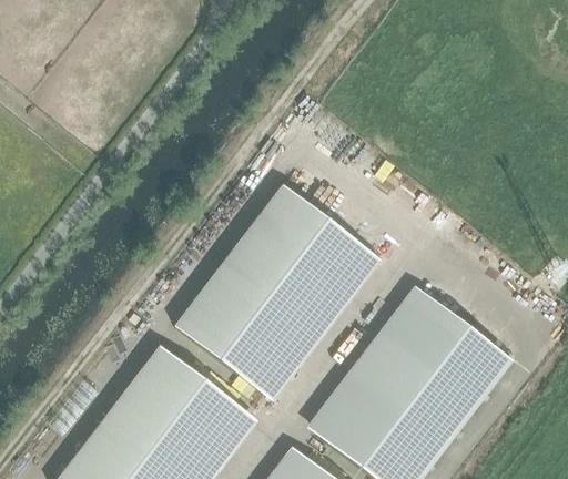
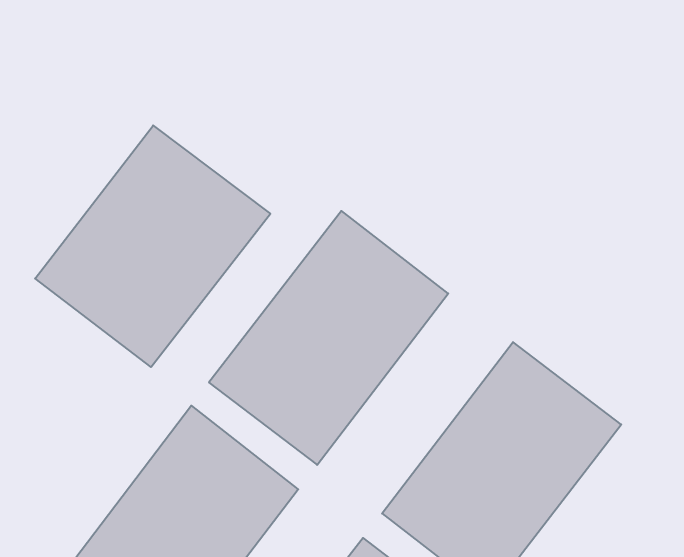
building: none -> [35,125,270,367]

